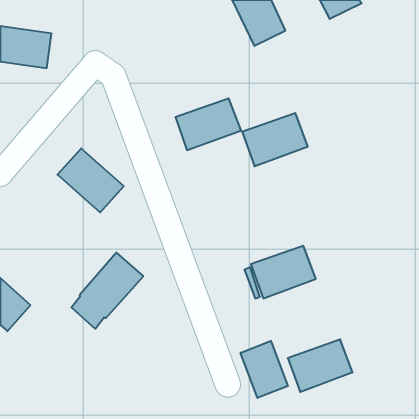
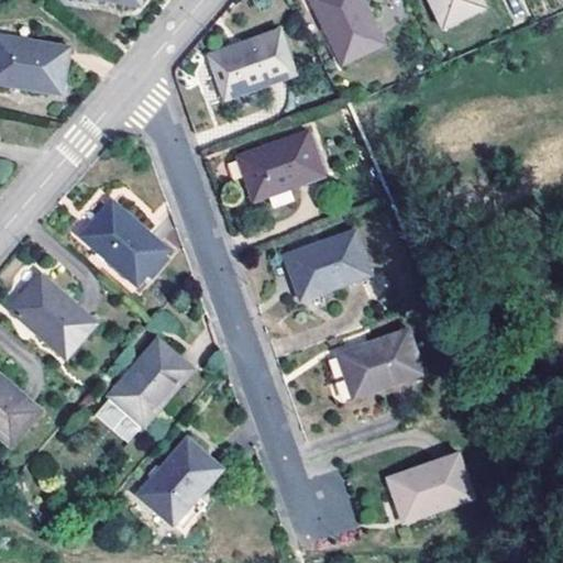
building: none -> [208,27,296,97]
building: [242,113,308,166] -> [282,230,369,301]
building: none -> [7,273,95,357]
building: none -> [136,440,221,533]
building: [241,341,288,398] -> none

